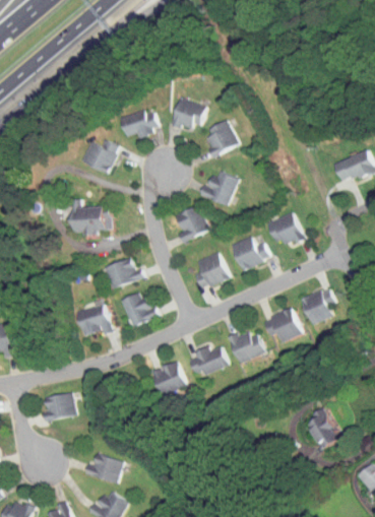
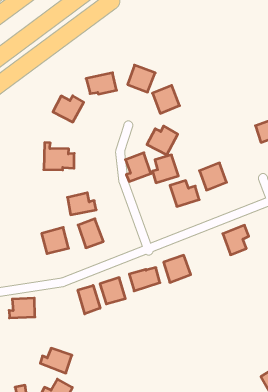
building: [195,253,228,288] -> [153,155,178,183]
building: [263,309,301,342] -> none
building: none -> [78,285,100,314]
building: [308,410,339,448] -> none

